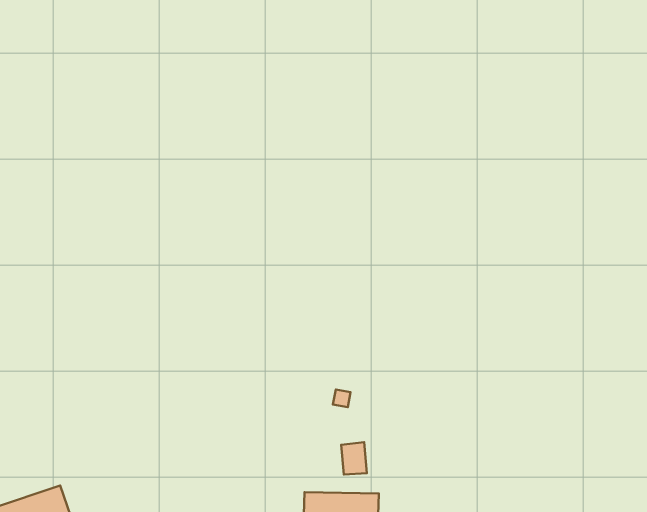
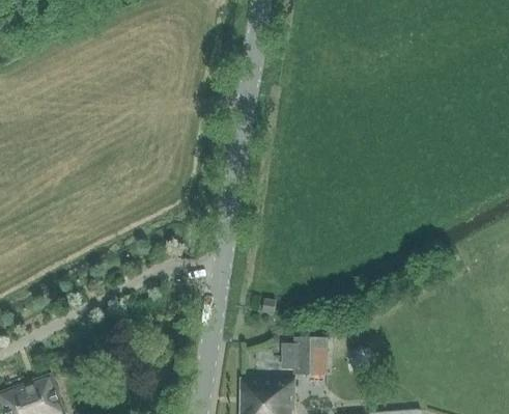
building: none -> [294,338,328,376]

